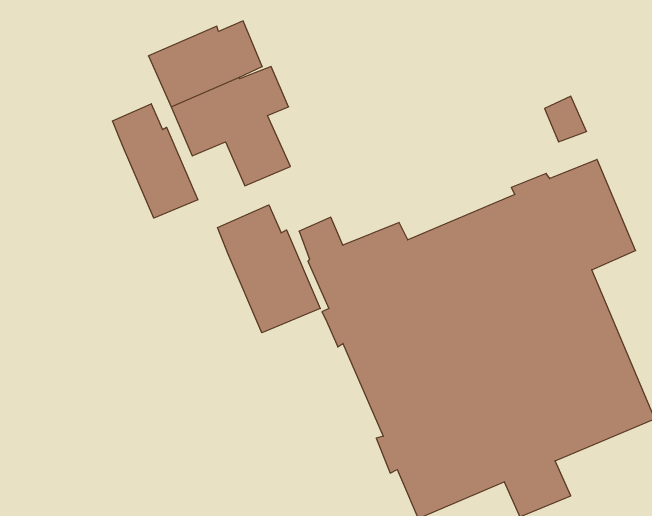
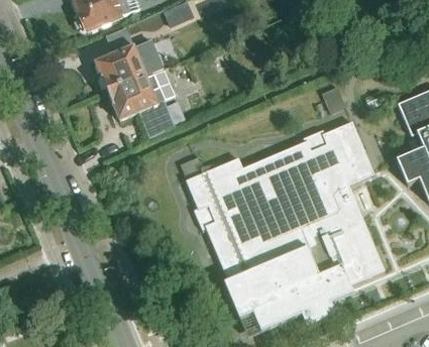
building: [113,104,198,218] -> none
building: [218,205,320,333] -> none

